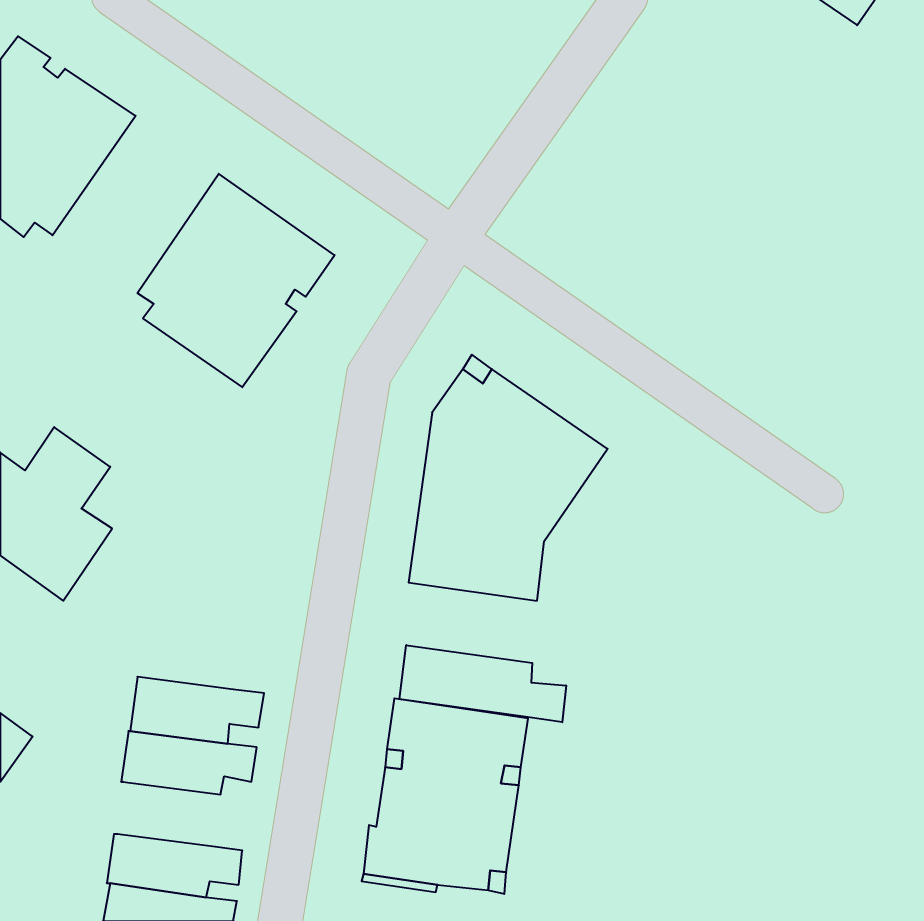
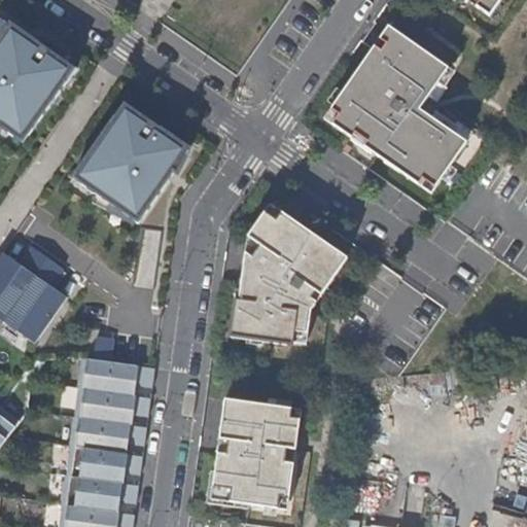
building: none -> [323,25,462,190]
building: none -> [76,356,154,392]
building: [400,645,566,722] -> none
building: none -> [67,445,142,482]

